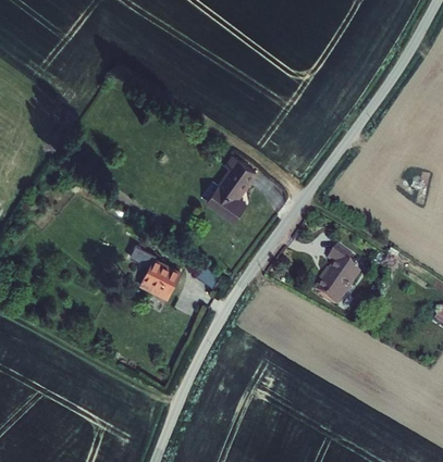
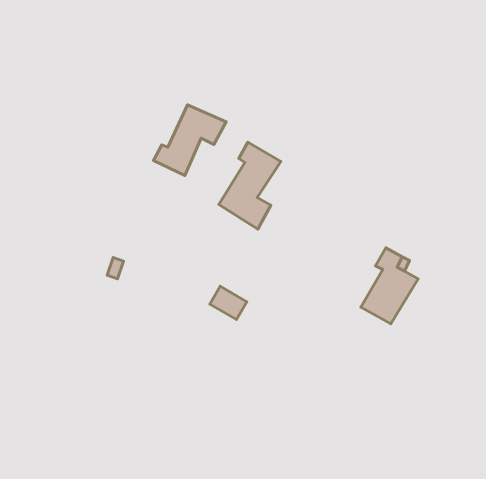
building: none -> [154,105,226,176]
building: [144,262,182,298] -> none

